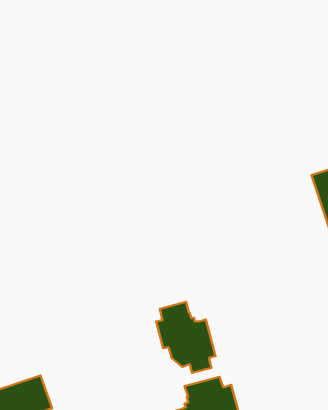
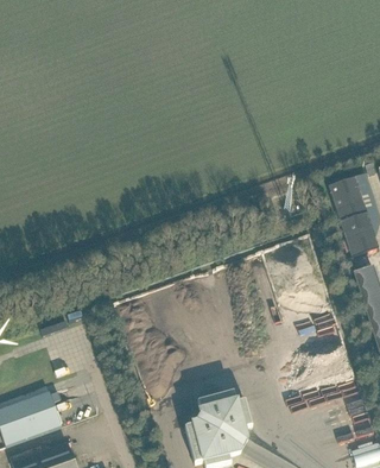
building: [156,302,216,373] -> none

